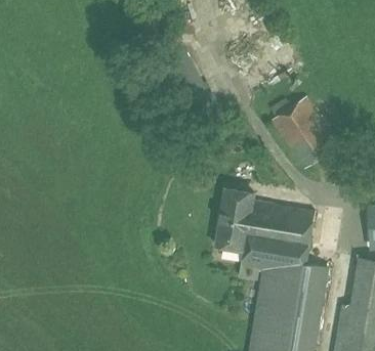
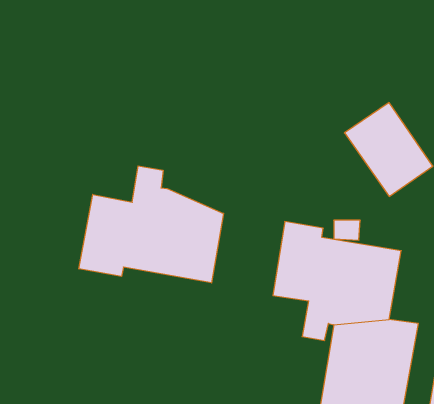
building: none -> [79,166,224,283]

